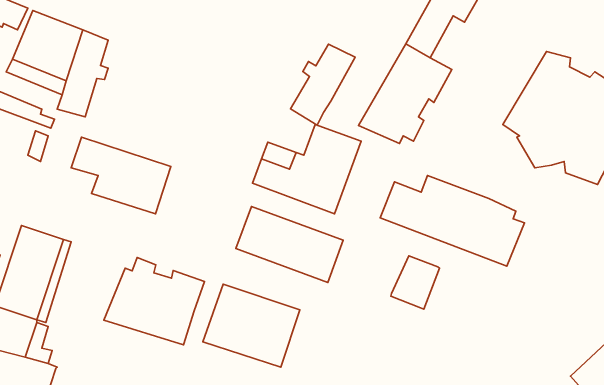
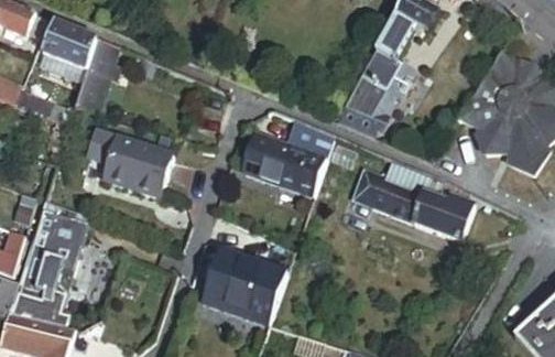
building: [291,44,355,125] -> none
building: [236,206,343,282] -> none
building: [391,256,439,309] -> none
building: [104,257,205,345] -> none

